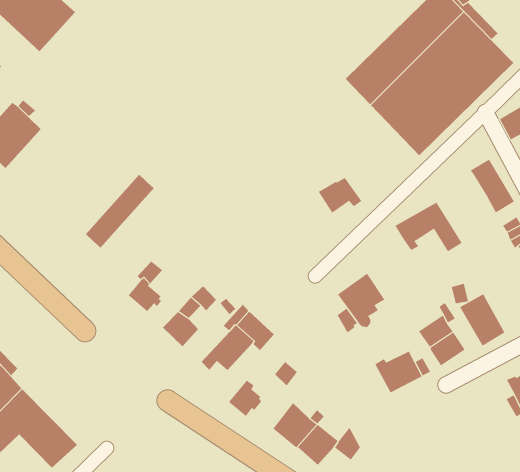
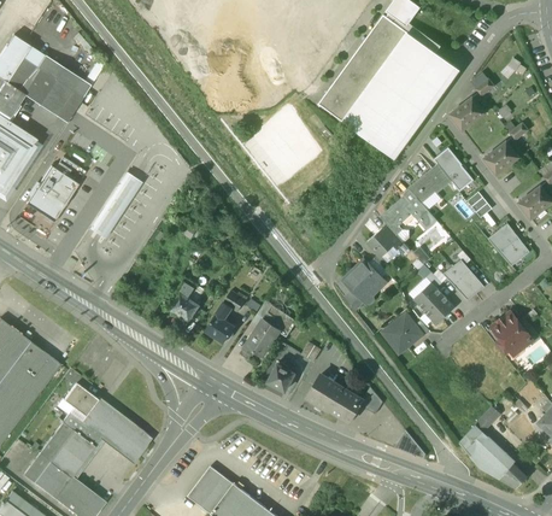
building: [85,174,155,249] -> [90,172,141,239]
building: none -> [409,164,452,203]
building: [318,177,362,213] -> [368,225,405,257]

